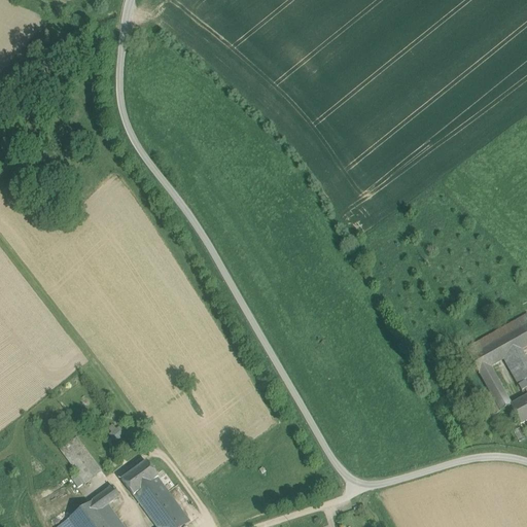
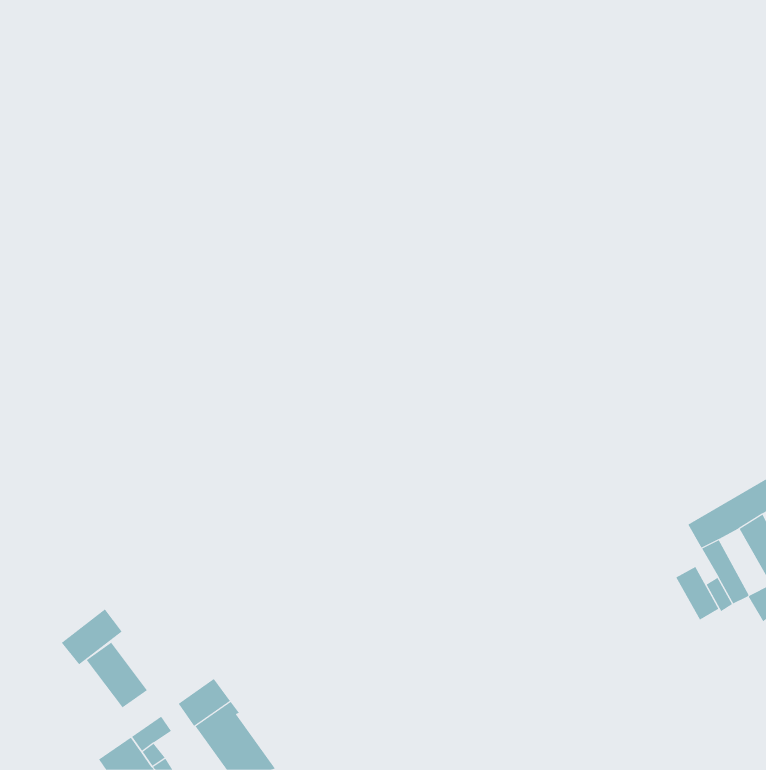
building: none -> [676,566,719,621]
building: none -> [60,609,122,665]

